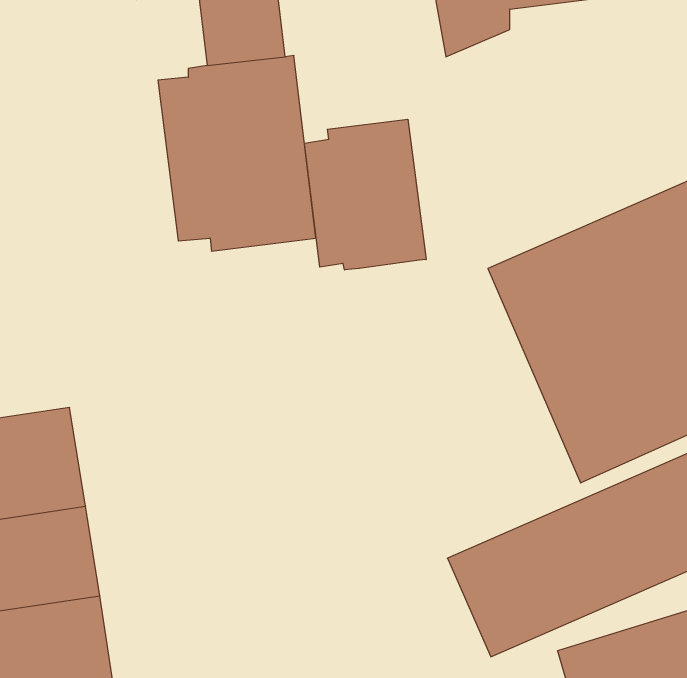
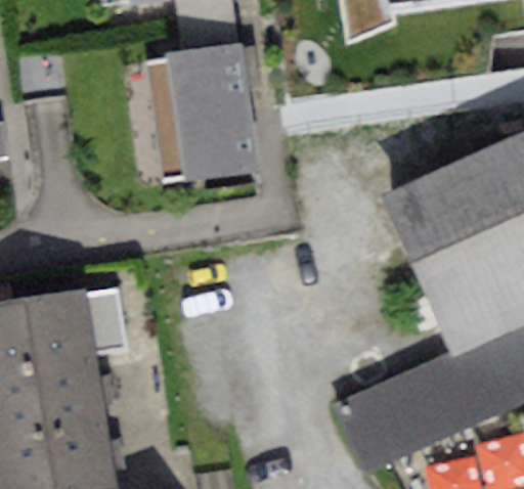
building: [304,119,426,270] -> none

